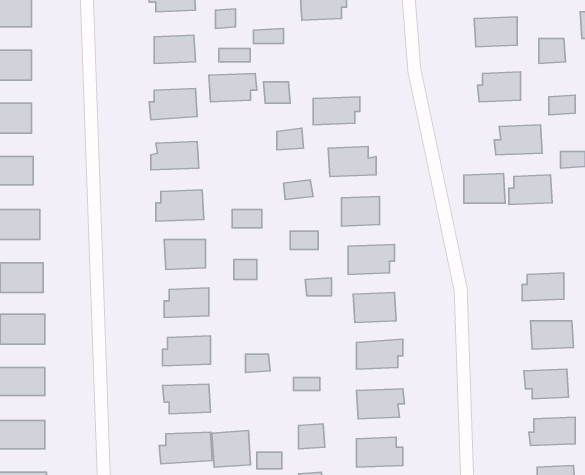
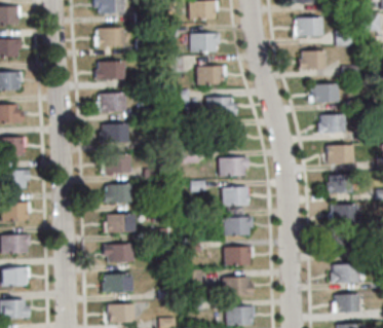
building: [209,74,257,102] -> [190,33,220,50]
building: [464,173,505,203] -> [328,144,353,162]
building: [212,431,251,467] -> none

